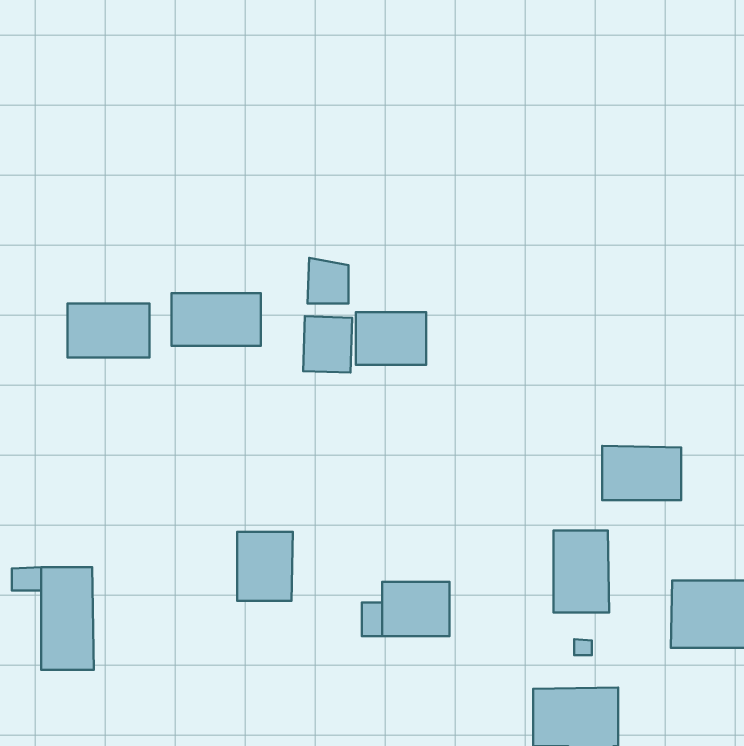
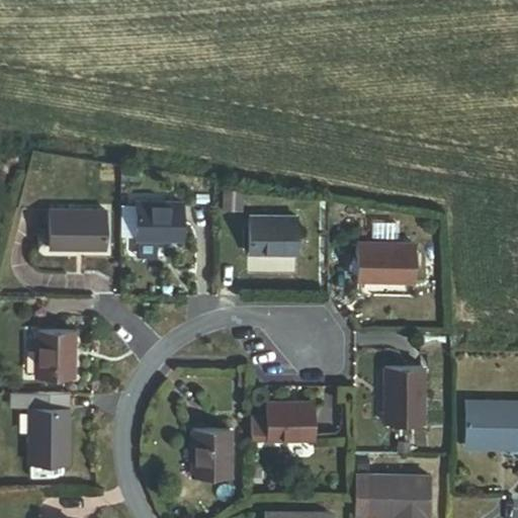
building: [303,316,352,373] -> none
building: [602,446,681,500] -> [359,245,414,282]
building: none -> [36,333,75,378]
building: [237,532,293,601] -> [193,431,232,479]

